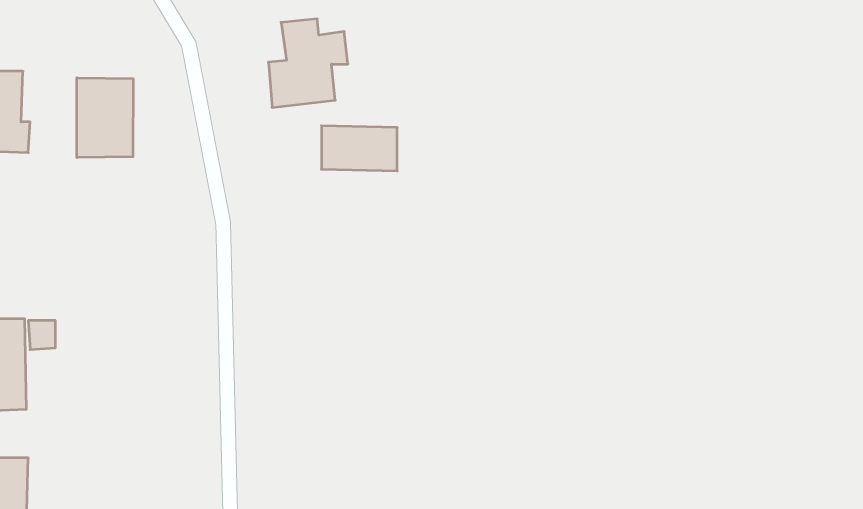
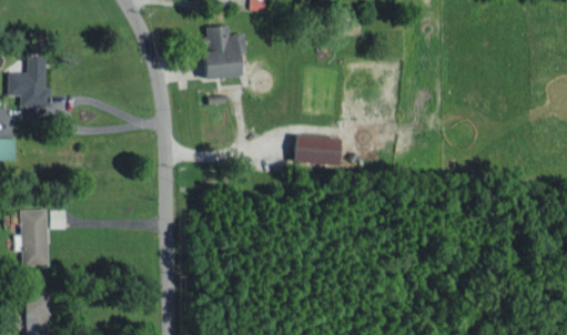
building: [77,78,133,158] -> none
building: [321,126,397,171] -> [292,136,338,164]

